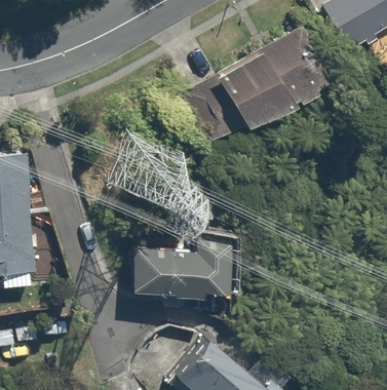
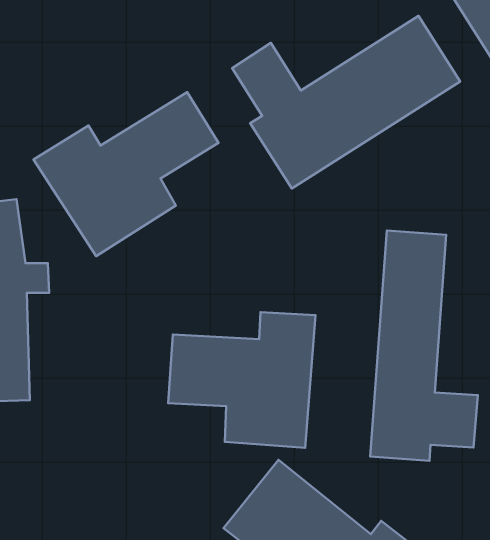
building: none -> [34,92,218,256]
building: none -> [370,230,478,461]

